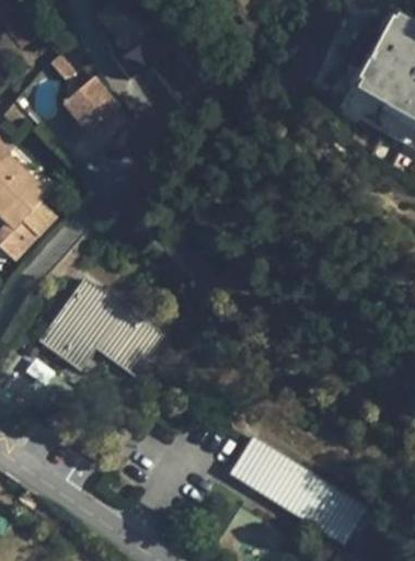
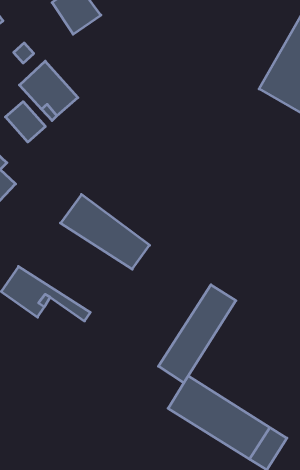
building: none -> [5,102,45,142]
building: [62,276,164,362] -> [60,194,150,269]
building: none -> [158,285,236,383]

